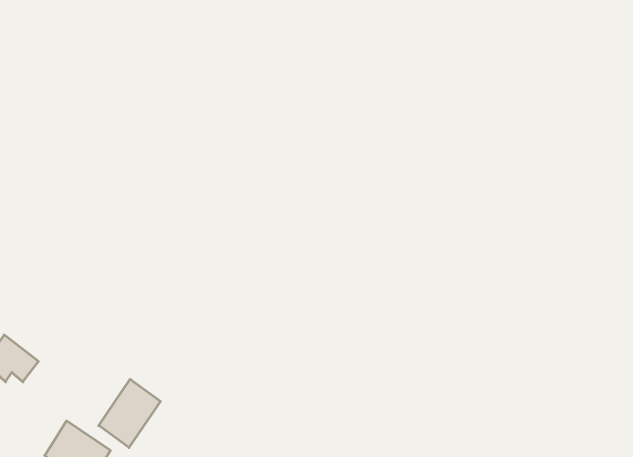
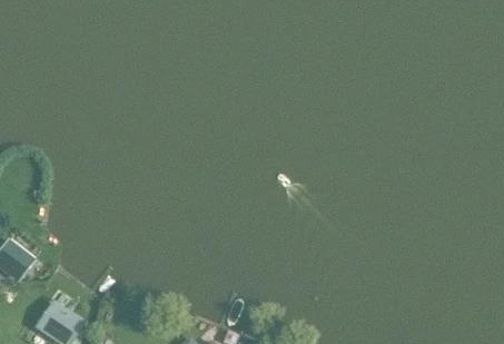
building: [99,379,160,448] -> none

